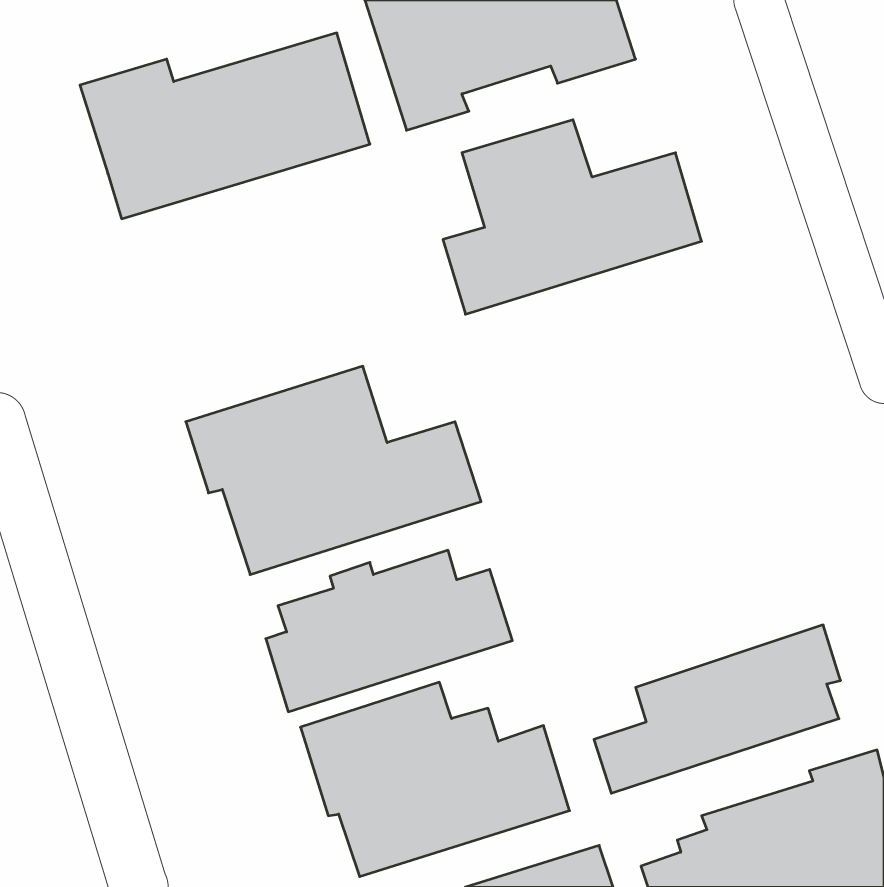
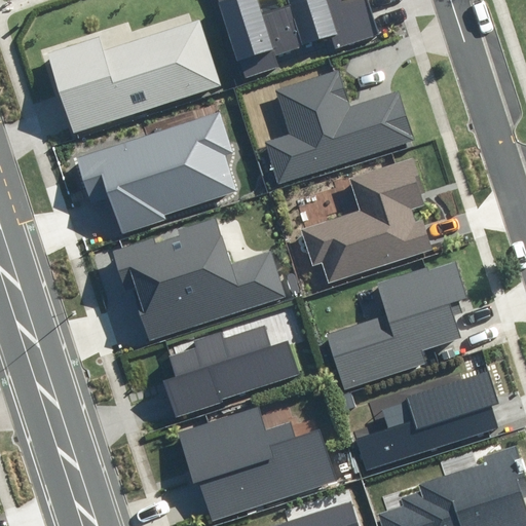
building: none -> [74,112,232,234]
building: none -> [297,160,431,280]
building: none -> [324,263,467,389]

